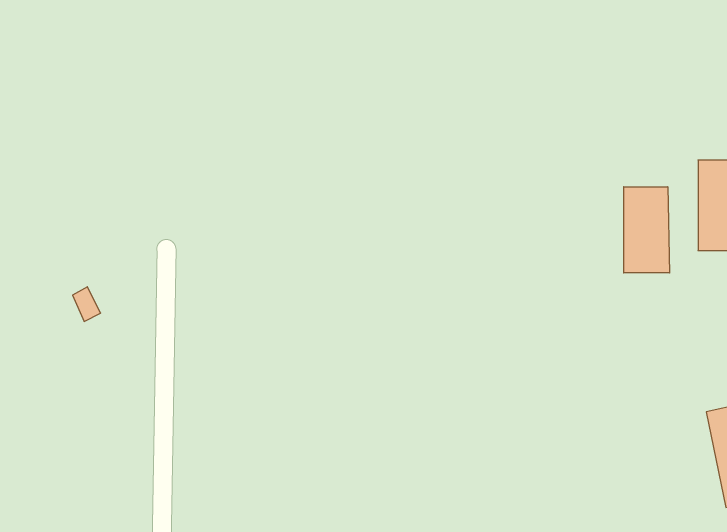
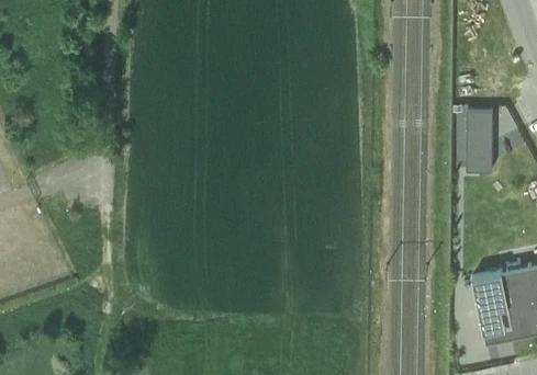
building: [624,187,670,273] -> none

